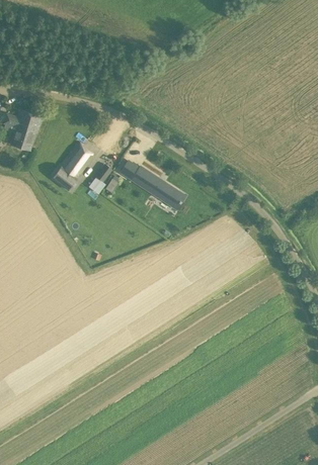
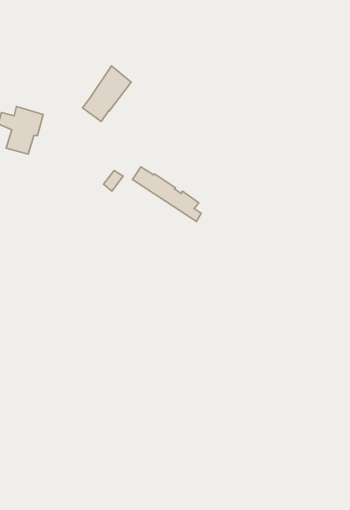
building: [52,142,94,190] -> [82,66,131,122]

